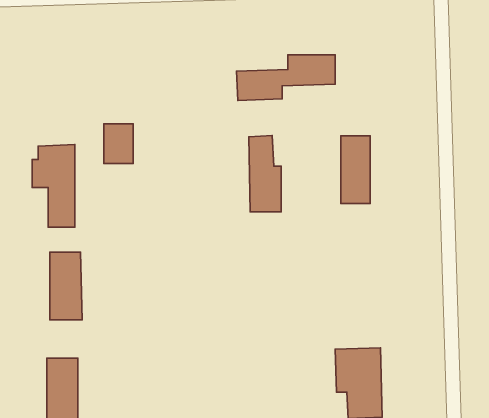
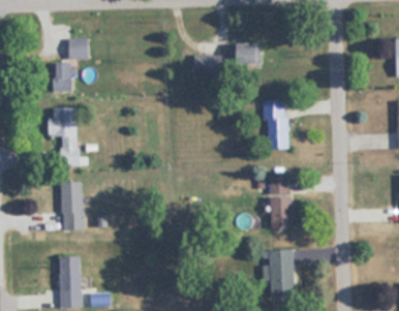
building: none -> [67,38,89,58]
building: [104,124,133,164] -> [51,63,71,91]
building: [249,135,281,212] -> [270,174,293,227]

